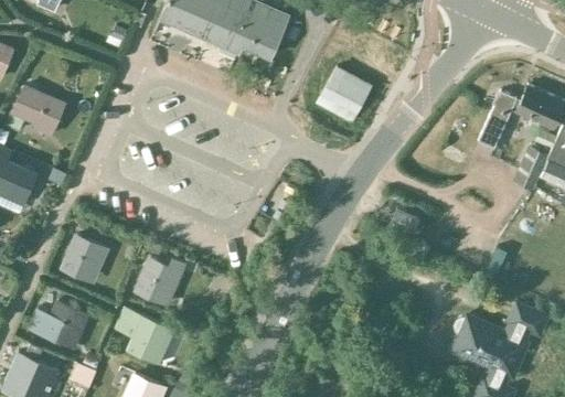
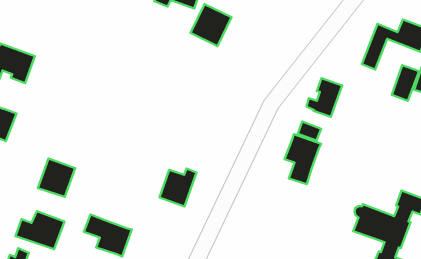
building: [318,66,371,120] -> [190,4,232,46]
building: none -> [306,78,342,117]
building: none -> [284,134,321,184]
building: [136,259,184,307] -> [159,169,196,206]

